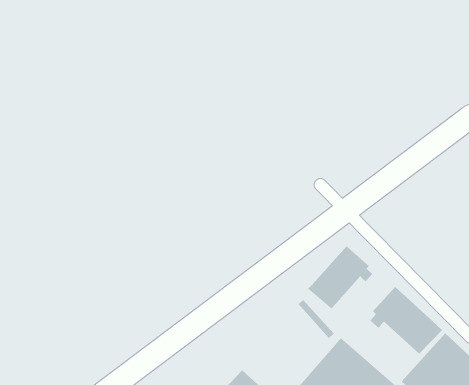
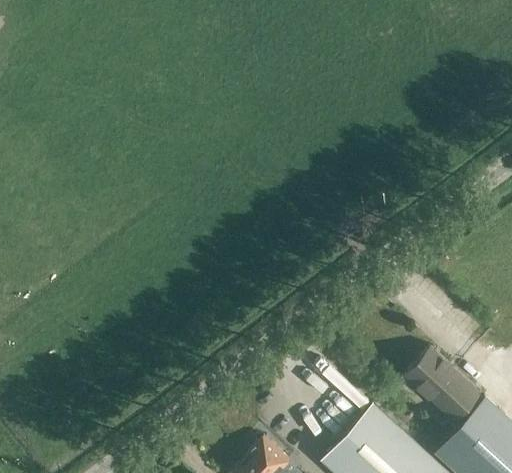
building: [307,245,373,309] -> none

